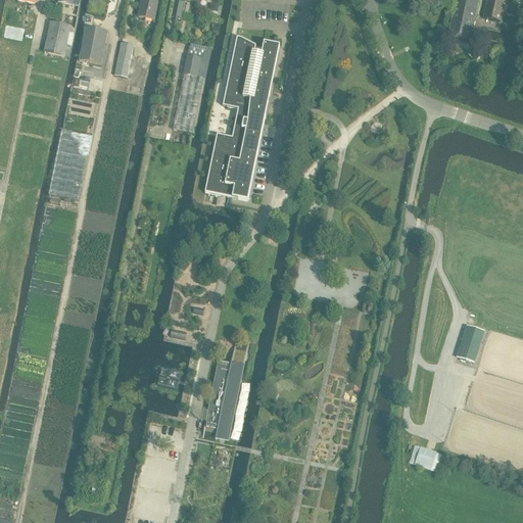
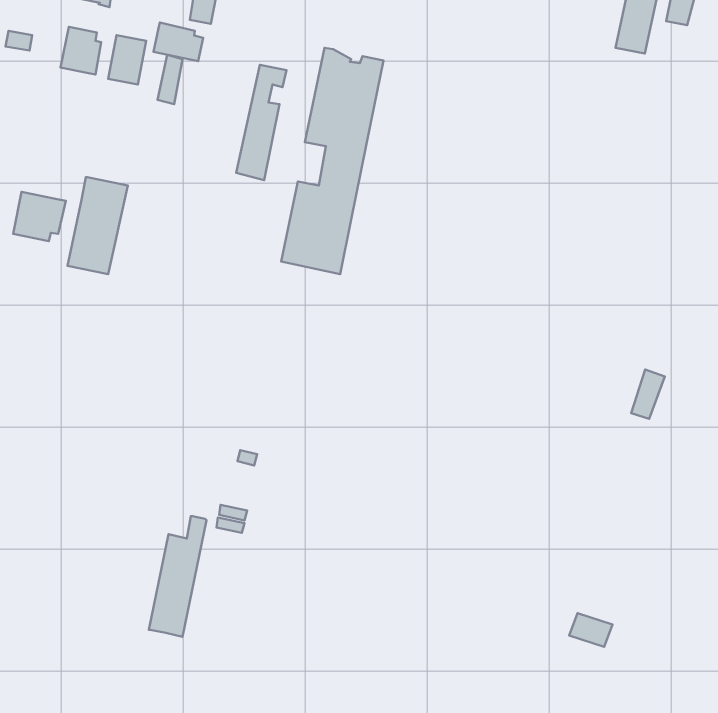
building: none -> [153,22,203,61]
building: none -> [13,192,66,241]
building: [458,324,482,360] -> [631,370,665,419]
building: [204,346,246,434] -> [149,516,206,637]

